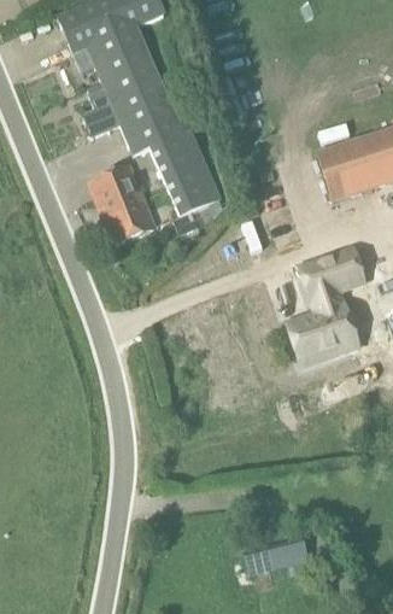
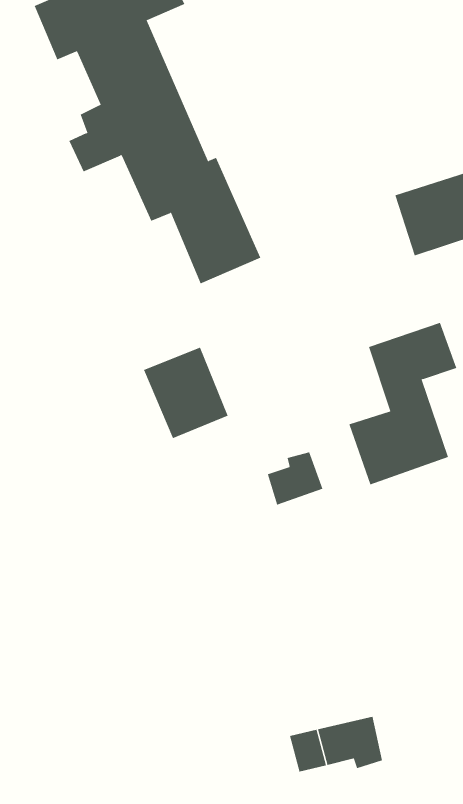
building: [93,176,156,244] -> [143,347,229,439]
building: none -> [267,451,323,505]

